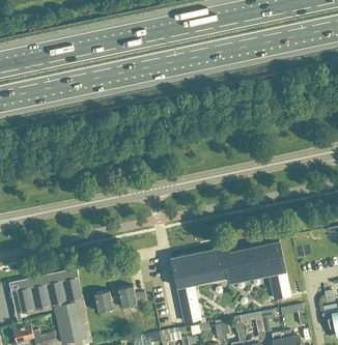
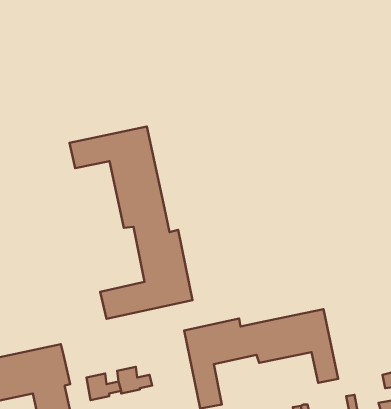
building: none -> [70,126,193,319]

